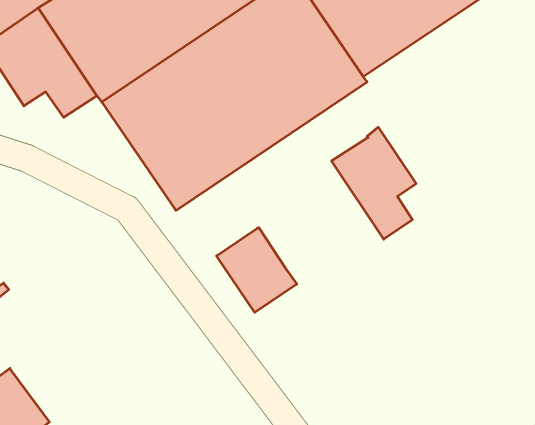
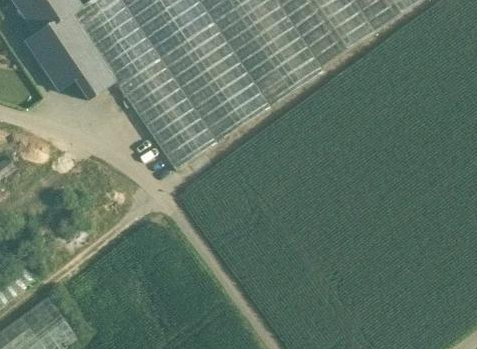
building: [332,127,416,239] -> none
building: [217,228,297,312] -> none

